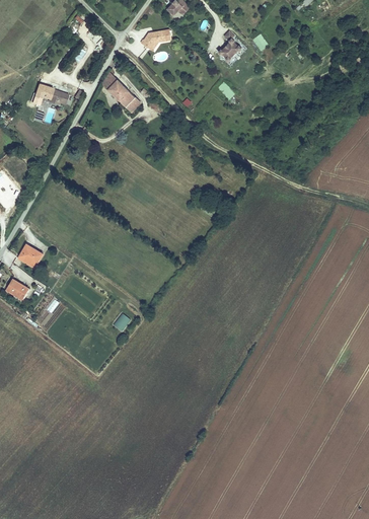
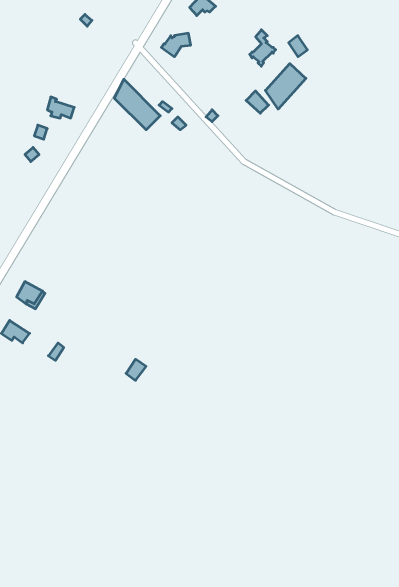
building: none -> [265,64,306,109]

